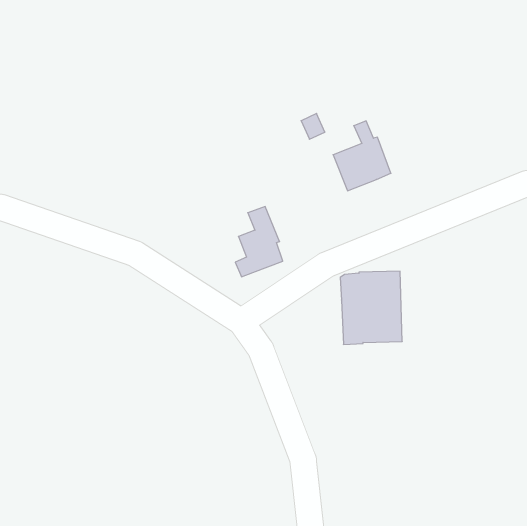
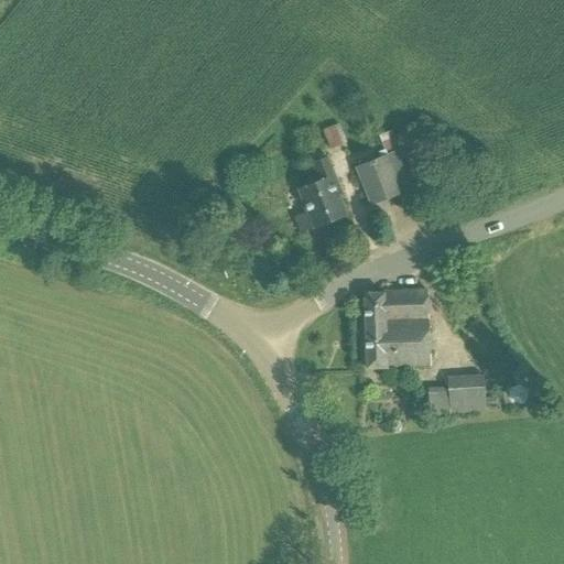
building: [235,207,283,277] -> [295,156,346,231]
building: none -> [429,375,485,414]

